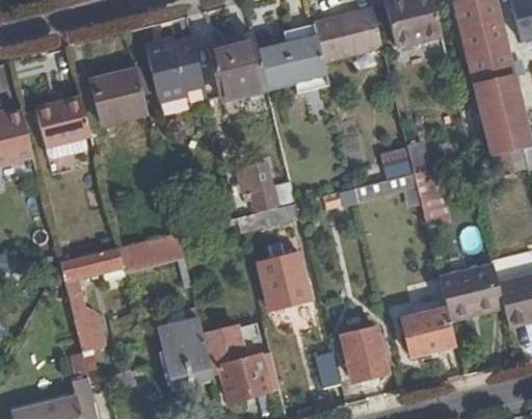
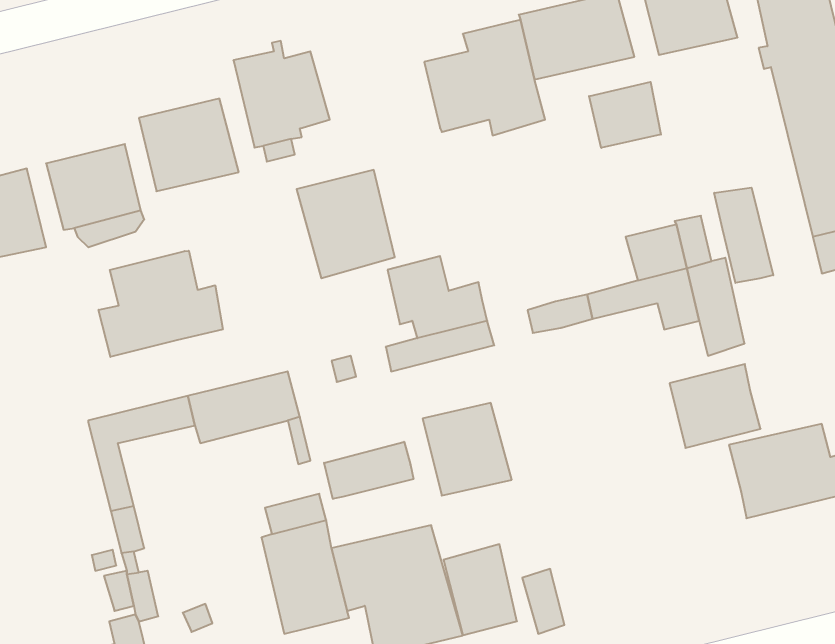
building: [210,36,268,101] -> [297,170,395,278]
building: none -> [589,82,661,148]
building: none -> [714,188,773,283]
building: none -> [99,251,223,357]
building: none -> [324,442,413,499]
building: [402,305,456,355] -> [670,364,761,448]
building: [344,325,388,379] -> [443,544,517,635]

